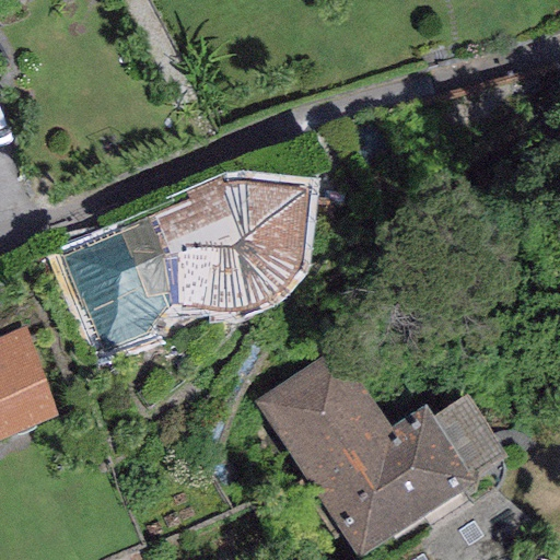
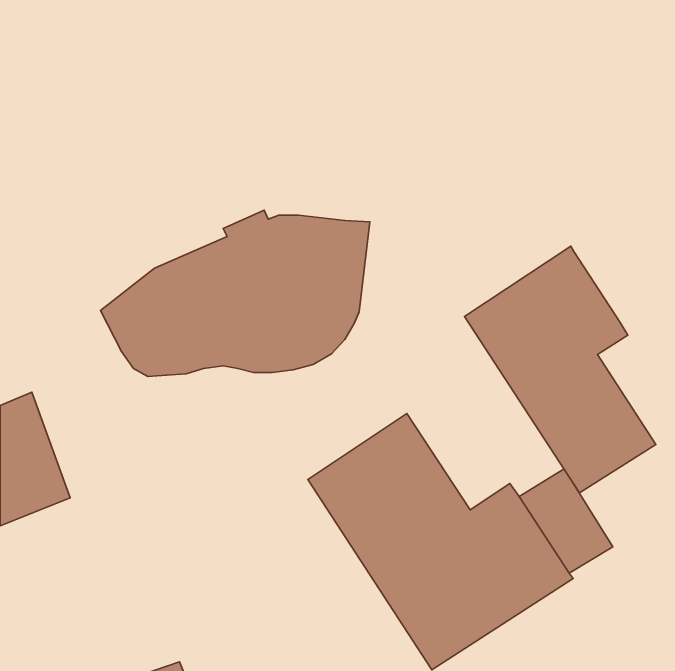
building: none -> [465,246,656,493]

